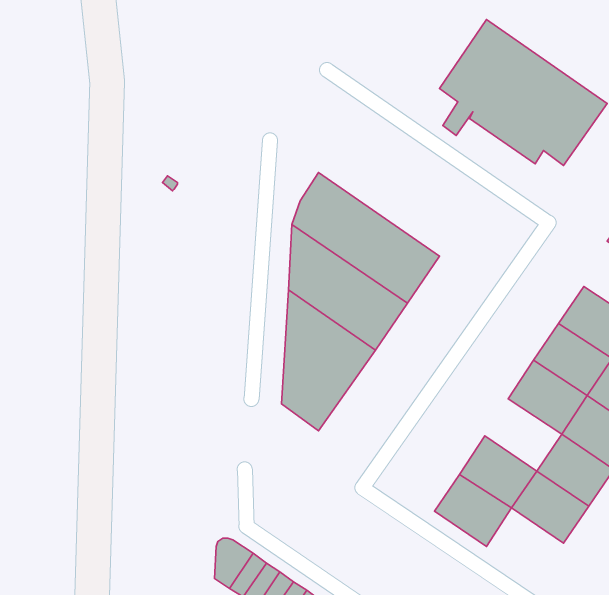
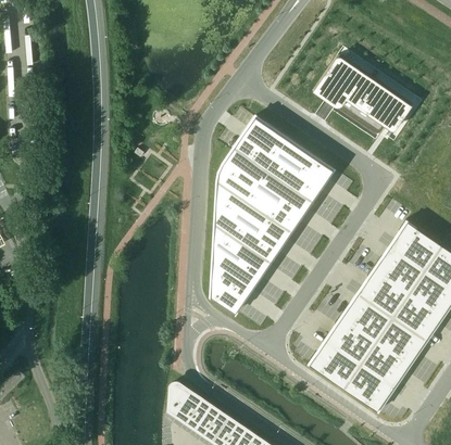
building: none -> [235,116,334,201]
building: none -> [342,293,392,340]
building: none -> [343,364,393,411]

